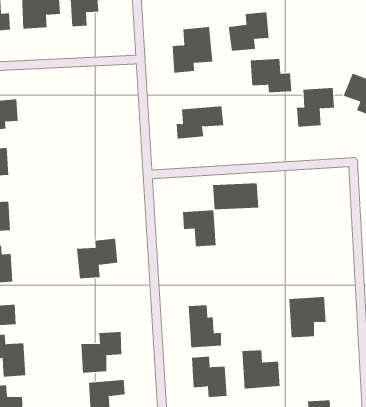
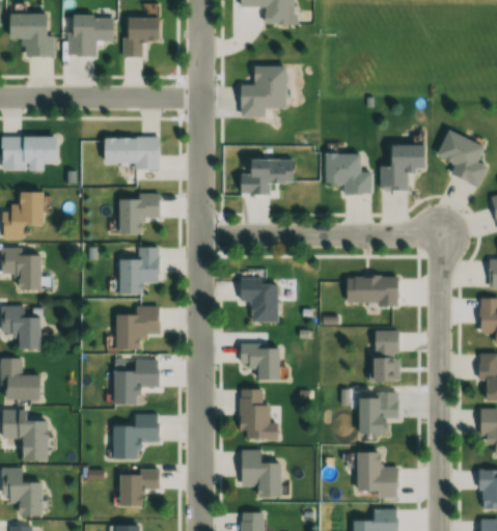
building: [228,12,269,51] -> none
building: [250,58,292,93] -> [326,153,372,193]
building: none -> [103,136,162,169]
building: none -> [119,193,163,233]
building: [212,183,259,210] -> [347,275,399,305]
building: none -> [119,246,161,294]
building: none -> [371,330,401,381]
building: none -> [241,344,280,380]
building: none -> [113,359,163,403]
building: [242,350,280,389] -> [356,451,398,496]

